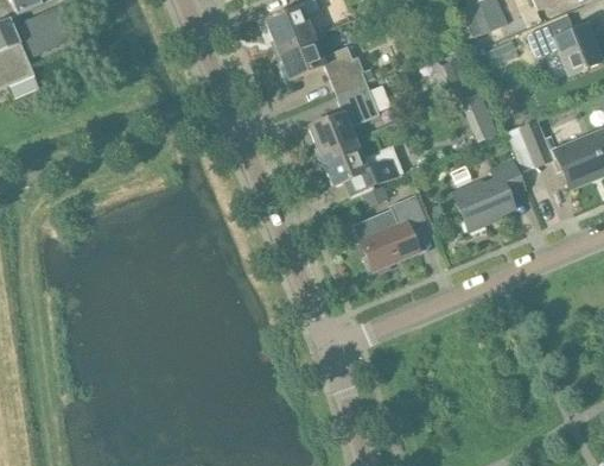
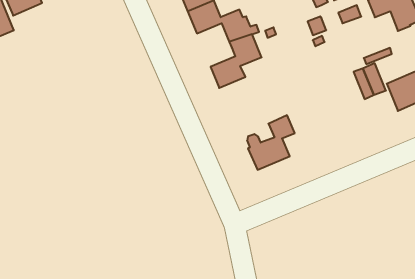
building: [459,92,498,141] -> none
building: [320,140,405,187] -> none
building: [453,159,524,229] -> none

